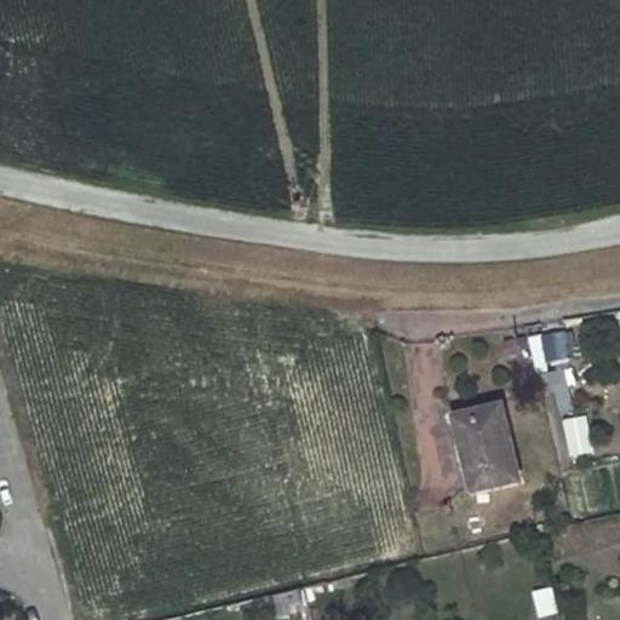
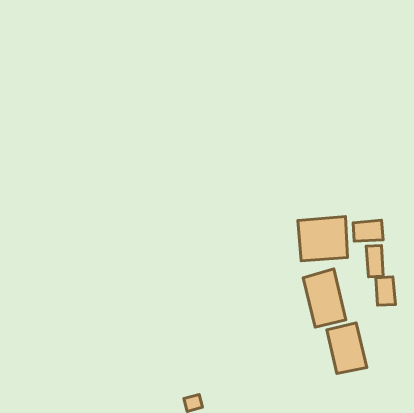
building: none -> [298,217,348,261]
building: none -> [327,323,367,373]

